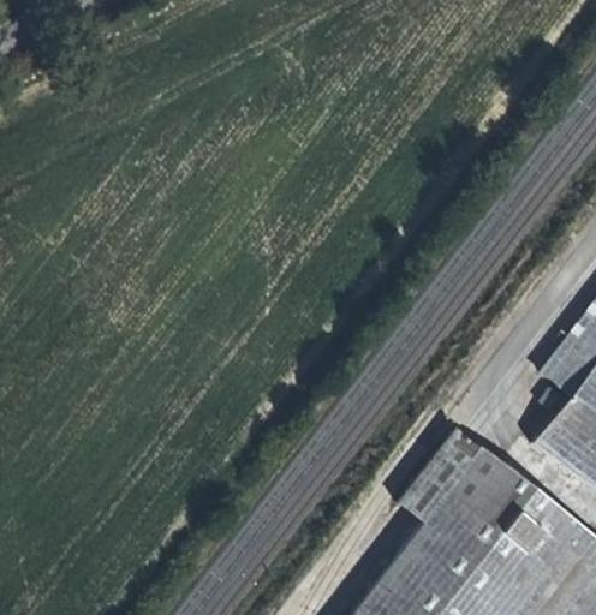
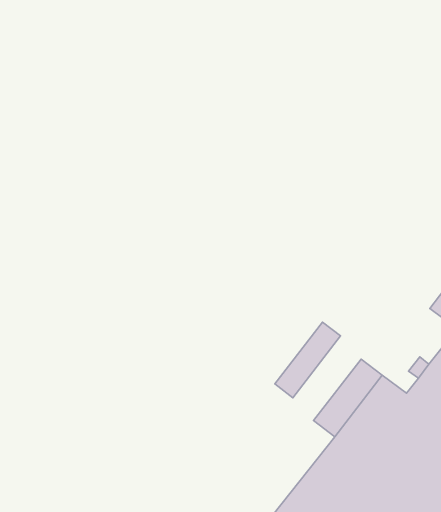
building: none -> [275,322,340,398]

